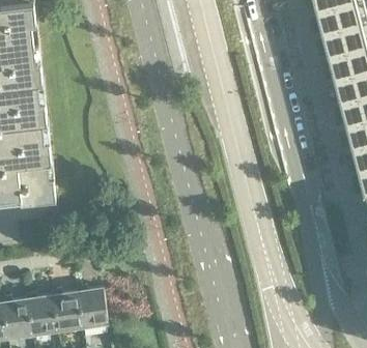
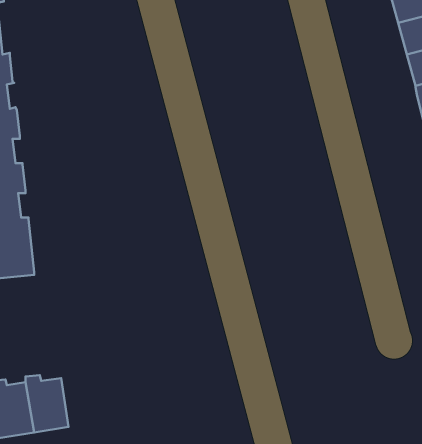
building: [76,289,108,330] -> none

